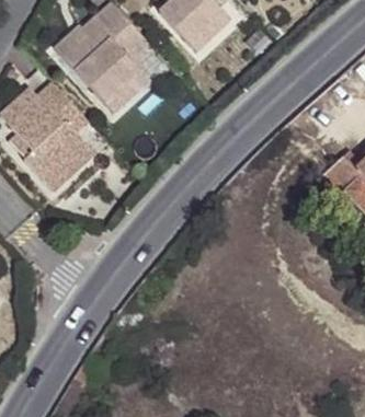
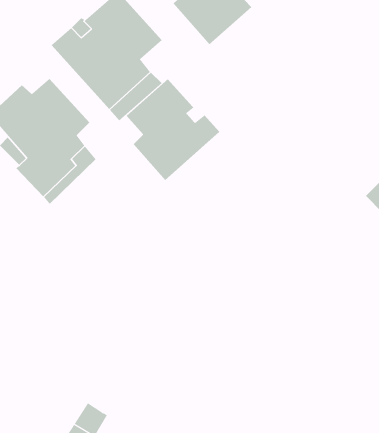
building: none -> [126,78,220,181]

